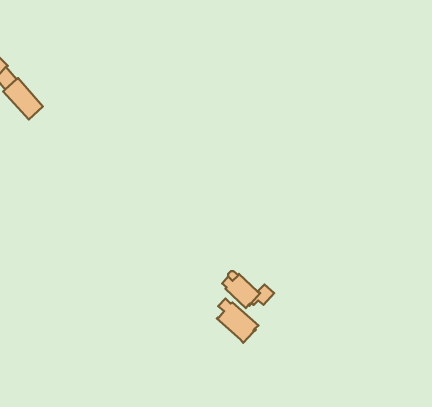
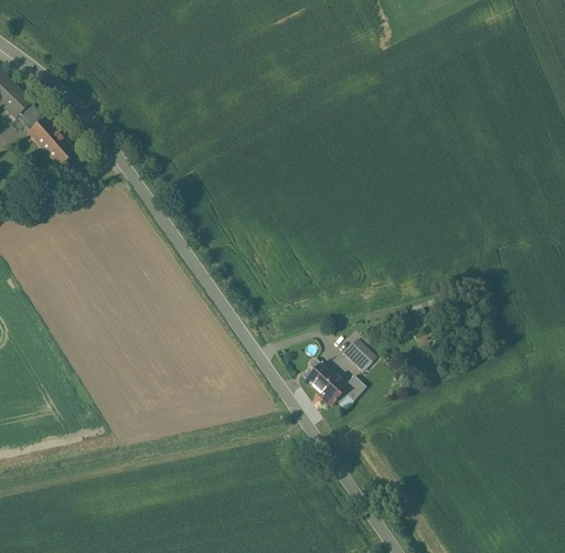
building: none -> [342,337,376,371]
building: [217,299,258,343] -> none

